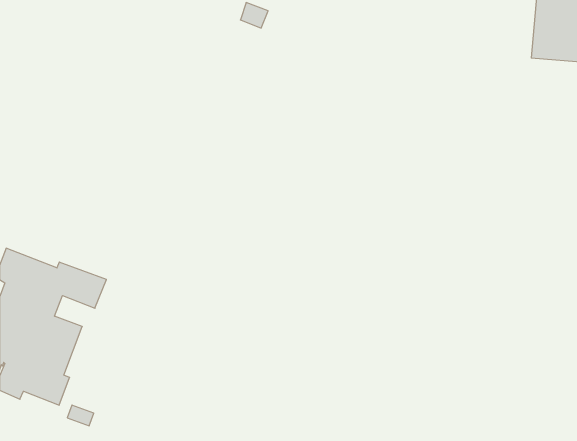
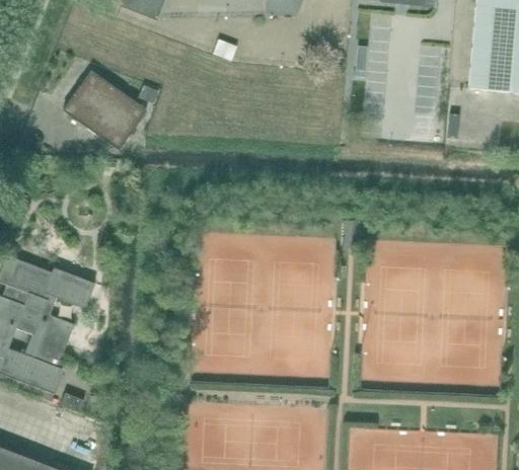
building: none -> [62,70,146,149]

